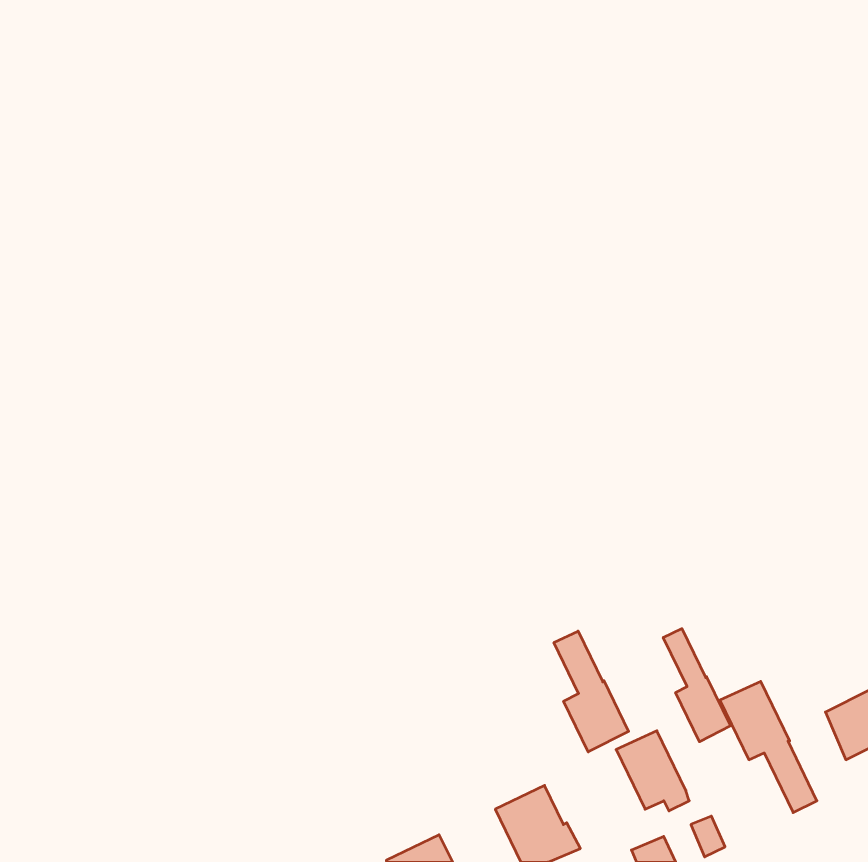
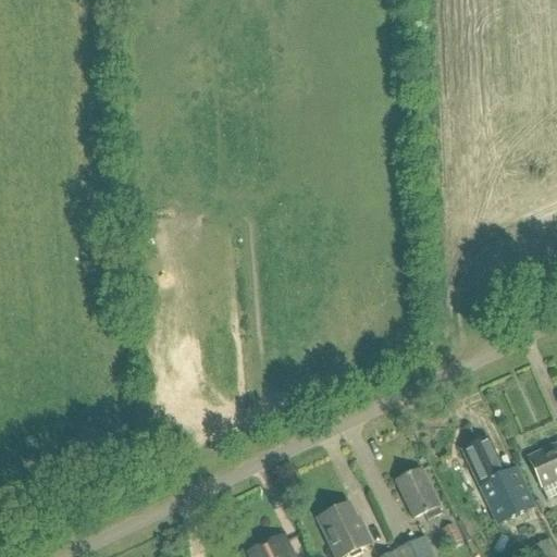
building: [663,629,730,742] -> none
building: [554,631,629,752] -> none

